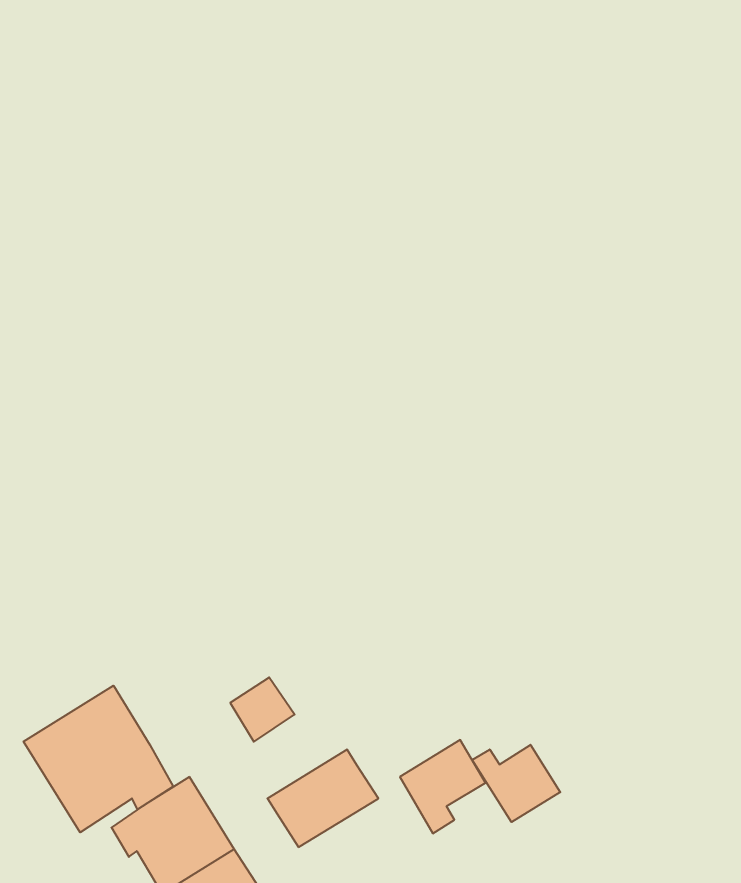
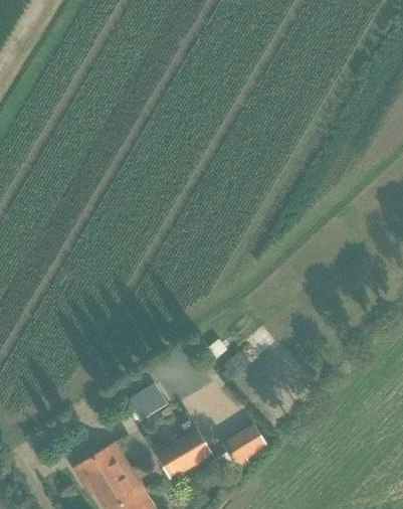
building: [24,686,173,832] -> none
building: [472,745,560,822] -> none

